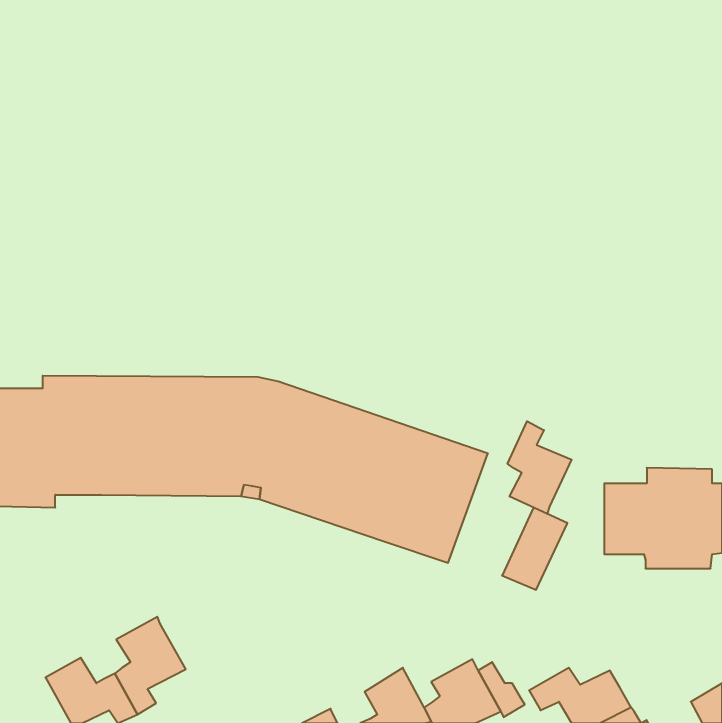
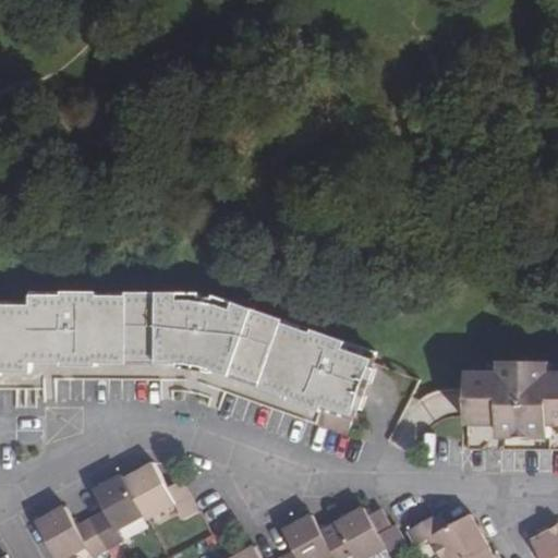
building: [508,421,572,514] -> none
building: none -> [123,463,195,520]

